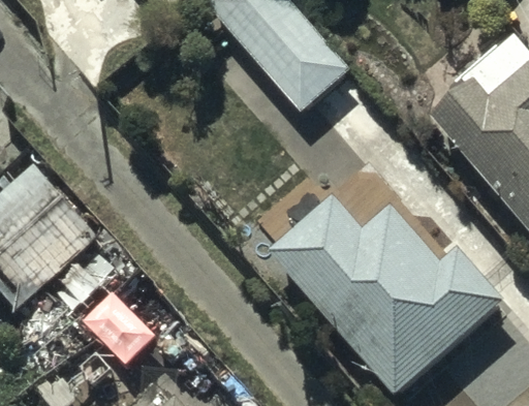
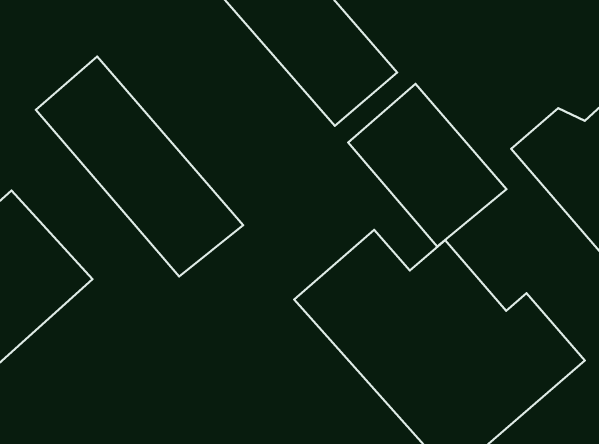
building: none -> [36,56,243,277]
building: none -> [348,84,506,247]

